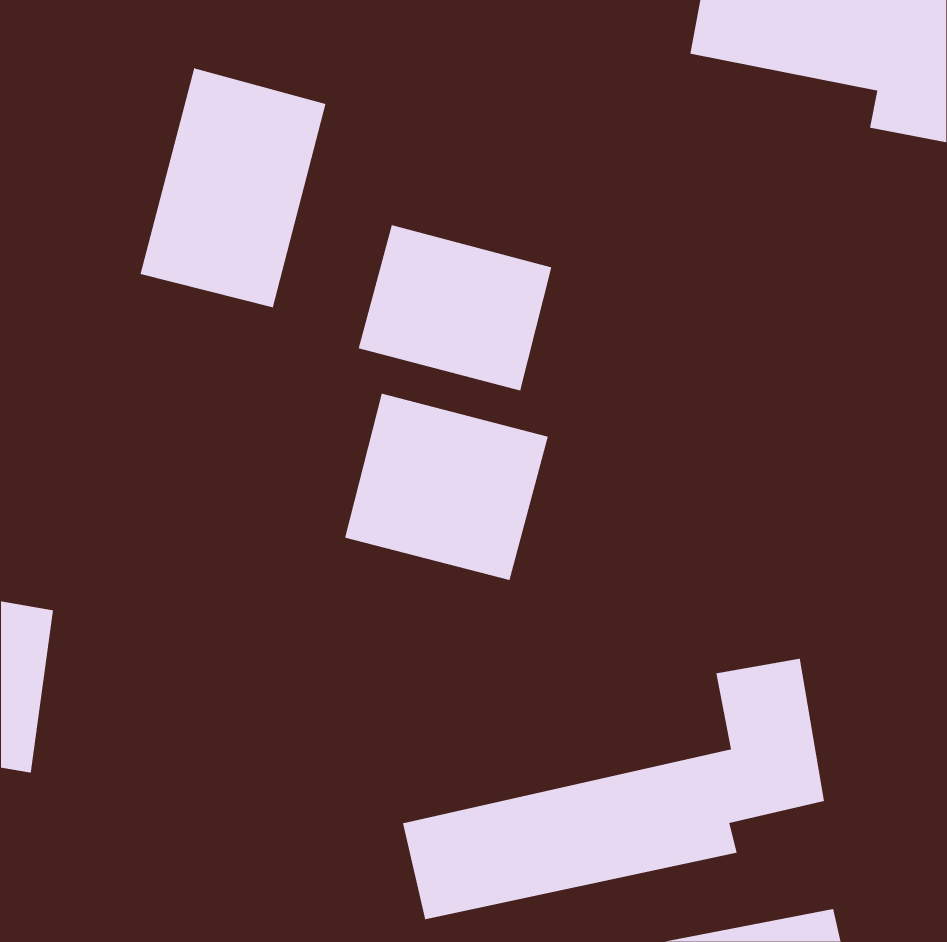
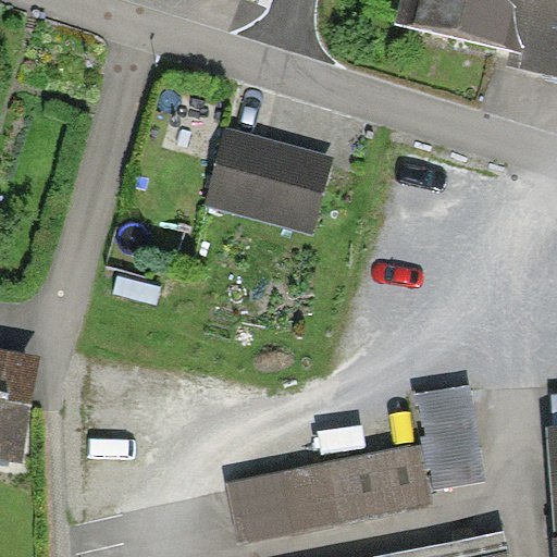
building: [140,68,326,308] -> none
building: [345,393,549,581] -> none

